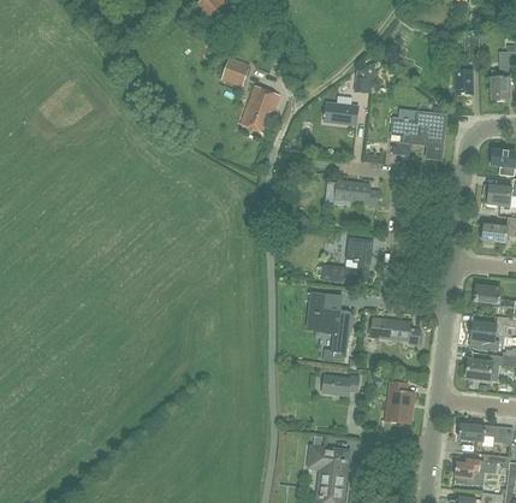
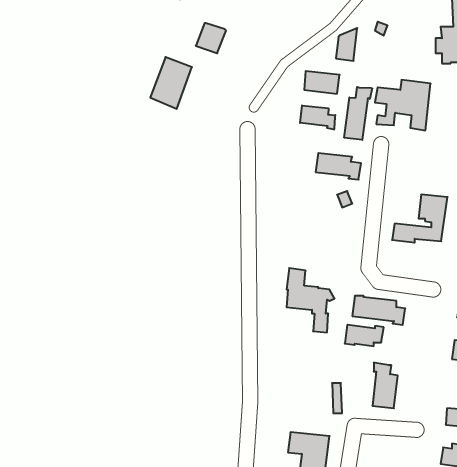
building: [239,84,279,134] -> [150,57,192,109]
building: none -> [344,87,372,140]
building: none -> [300,105,335,130]
building: [320,236,373,282] -> [392,195,448,243]
building: [321,374,358,395] -> [345,325,384,346]

